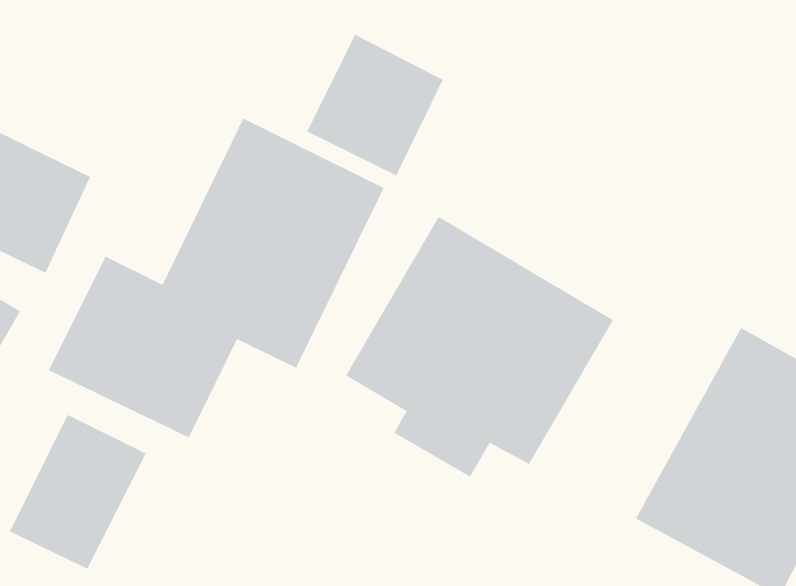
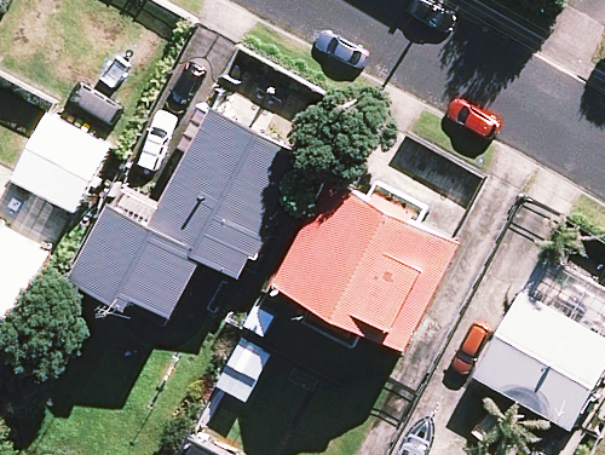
building: [307,34,444,176] -> none
building: [9,414,146,569] -> none

